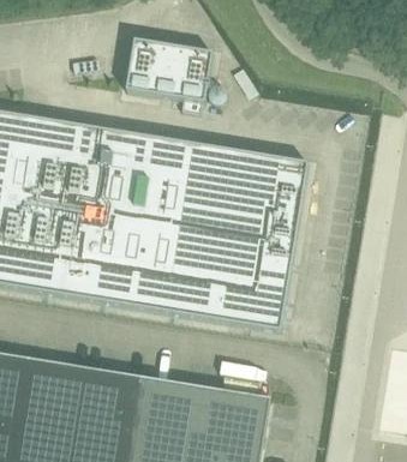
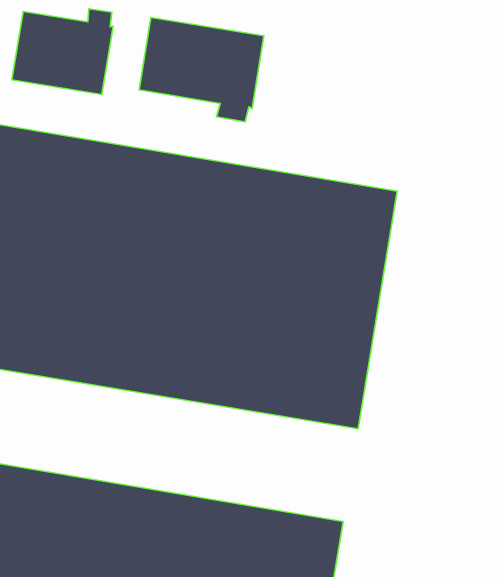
building: none -> [12,9,113,94]

